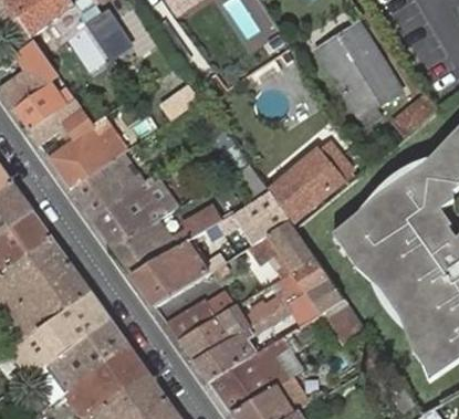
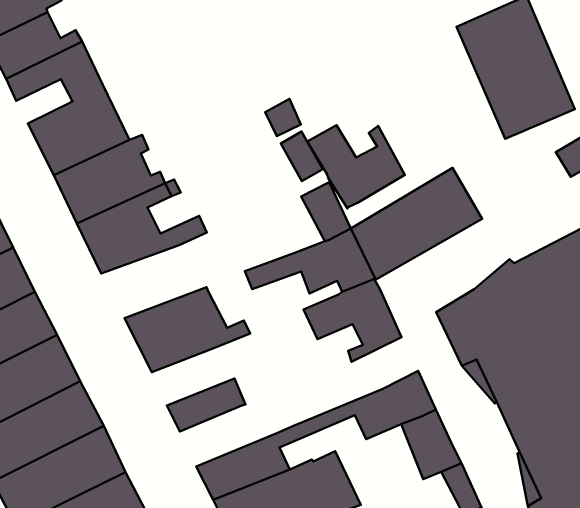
building: none -> [307,125,405,209]
building: [111,205,221,272] -> none
building: [246,255,326,324] -> none
building: [178,310,241,360] -> none

